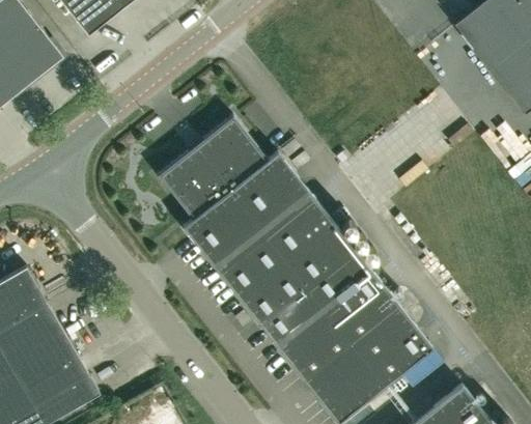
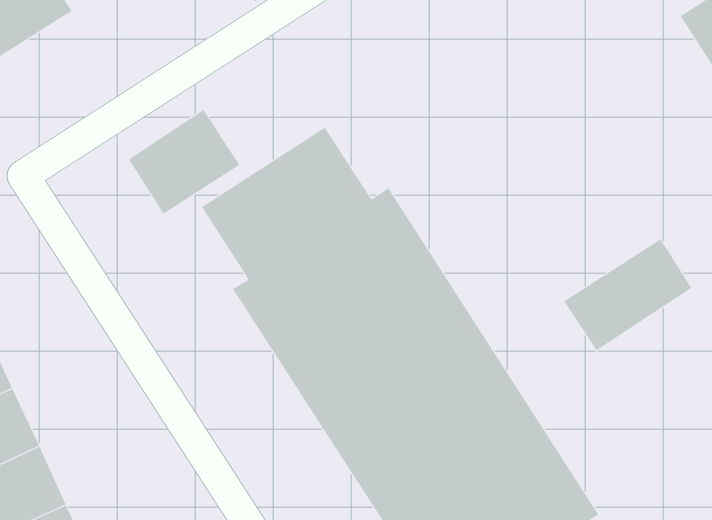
building: none -> [128,109,240,214]
building: none -> [563,239,692,351]

